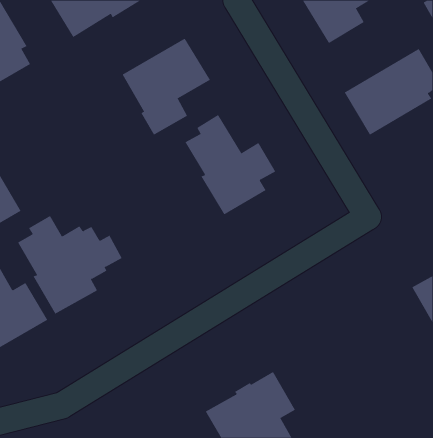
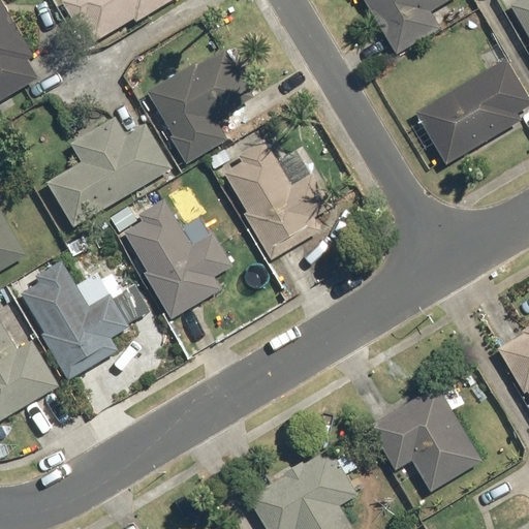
building: none -> [45,116,172,226]
building: none -> [122,198,232,319]
building: none -> [368,384,481,491]

